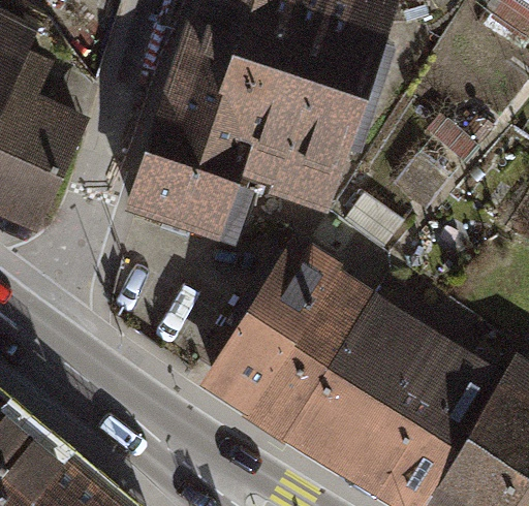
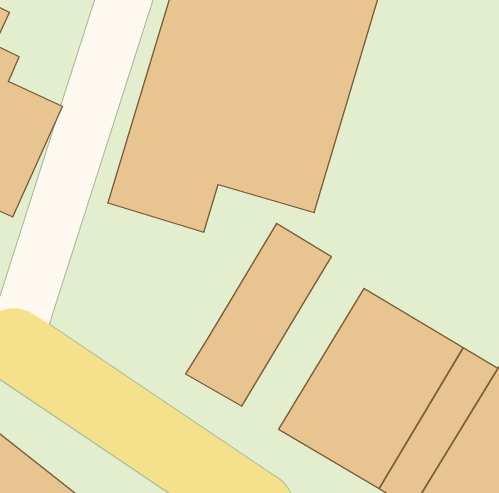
building: [260,274,377,430] -> none

